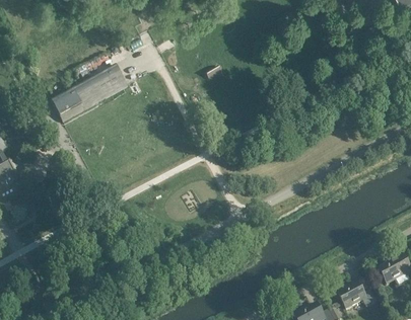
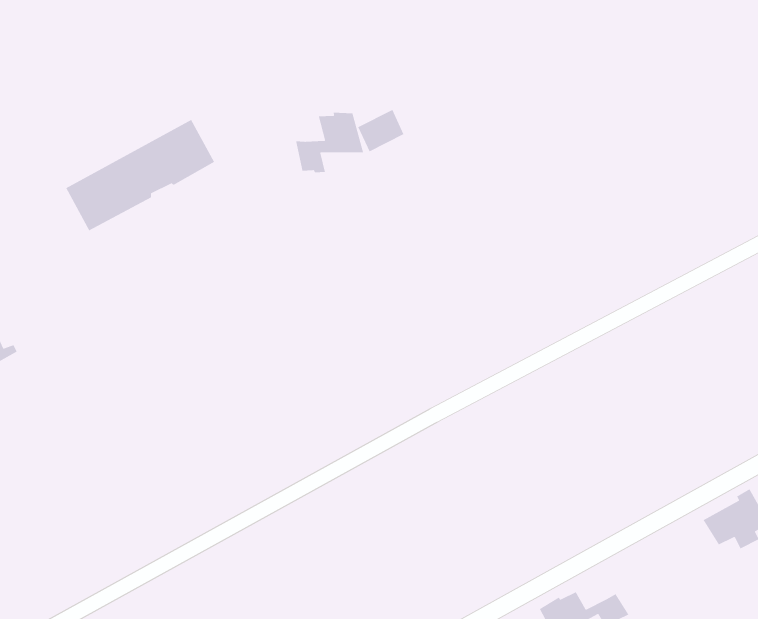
building: none -> [295,112,364,173]
building: [337,279,376,308] -> none

